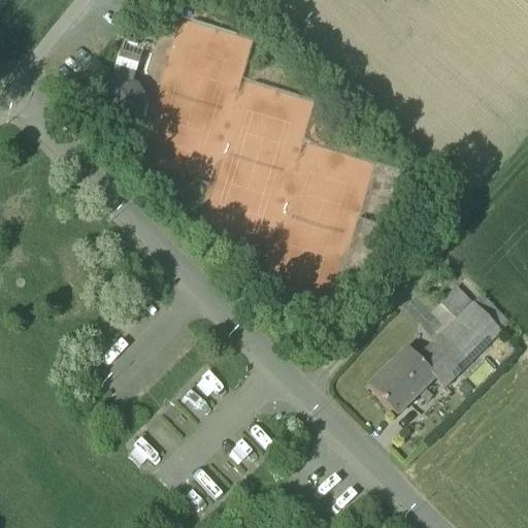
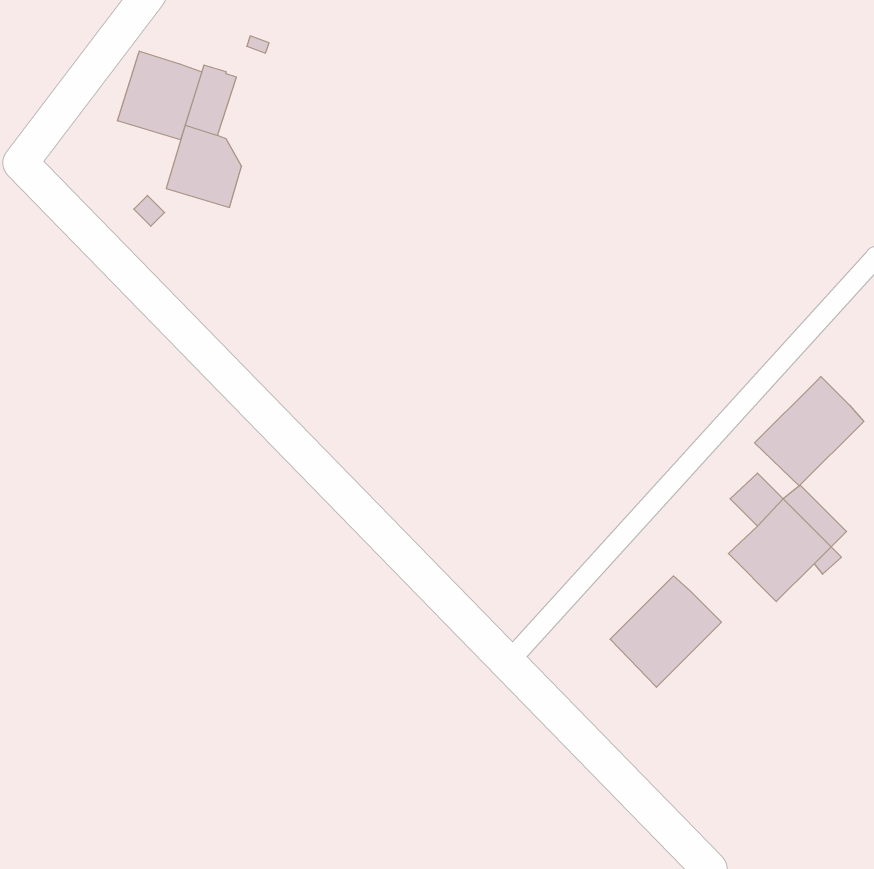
building: none -> [117,51,202,140]
building: none -> [755,377,864,486]
building: [417,333,468,387] -> none

